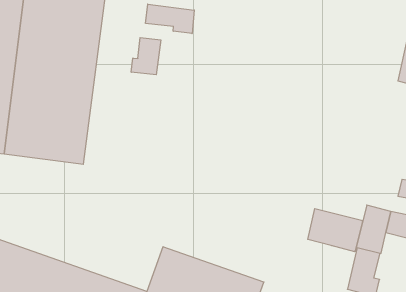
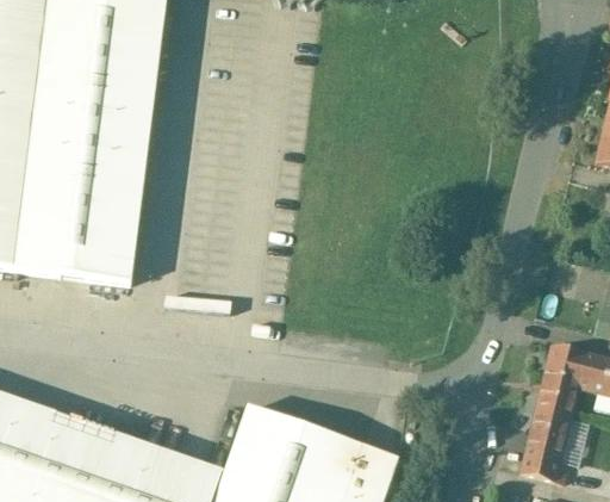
building: [146,4,194,34] -> none
building: [131,38,161,75] -> none
building: [308,209,363,252] -> none

